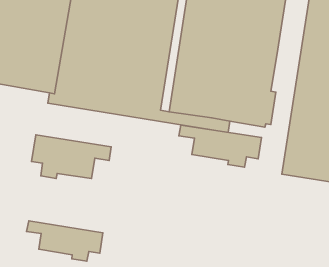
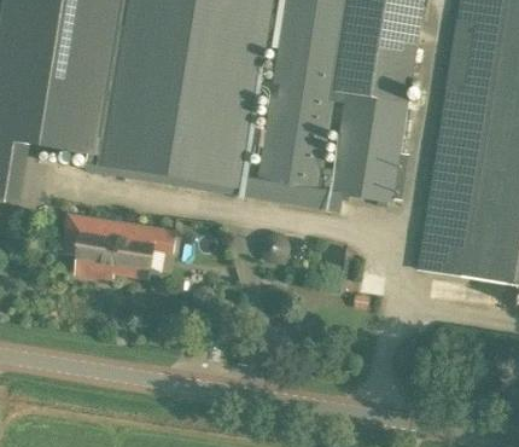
building: [179,125,261,167] -> none
building: [27,221,103,261] -> none

